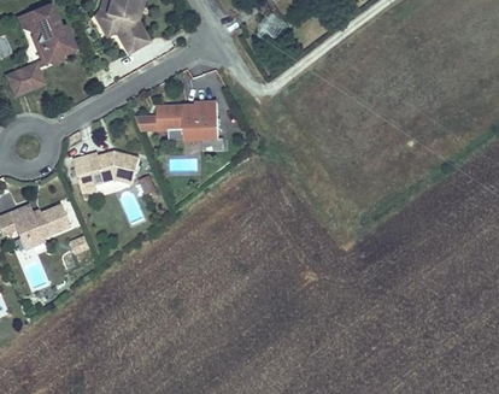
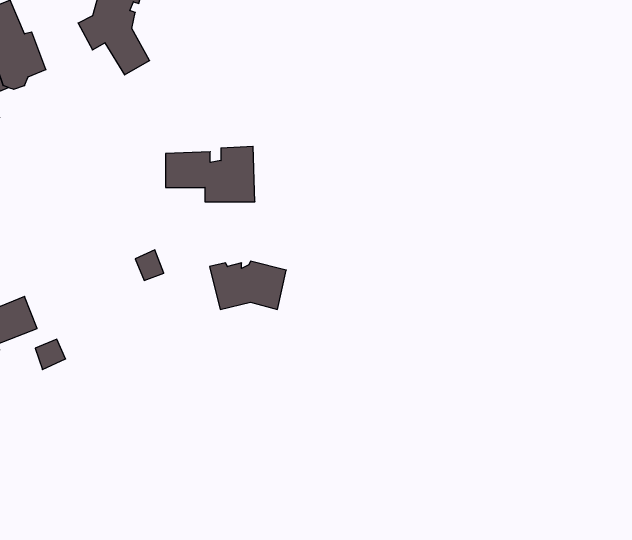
building: [86,152,137,184] -> [210,261,286,309]

